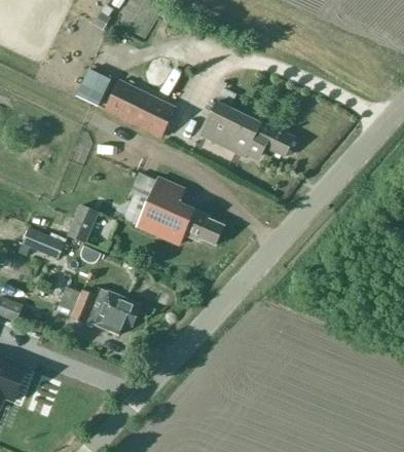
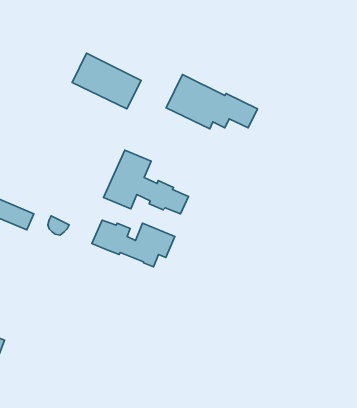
building: [74,66,109,104] -> none
building: [67,205,99,244] -> none
building: [57,288,141,335] -> [92,220,175,267]

